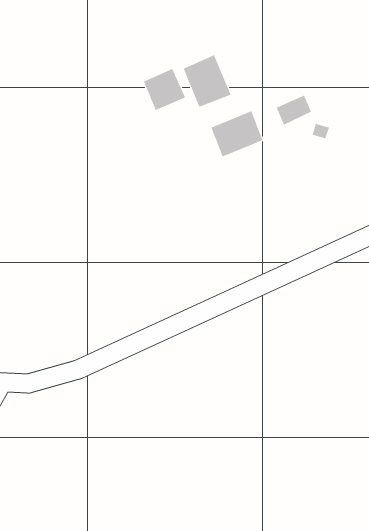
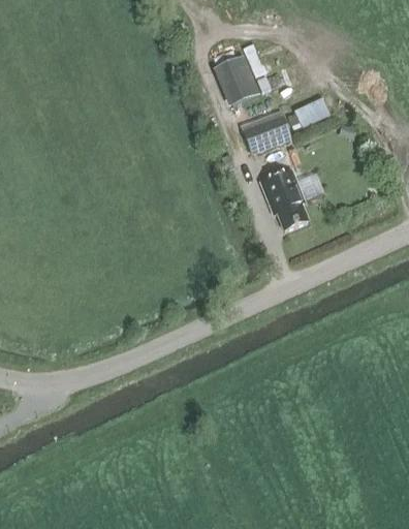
building: [143,68,186,111] -> none
building: none -> [261,168,308,228]

